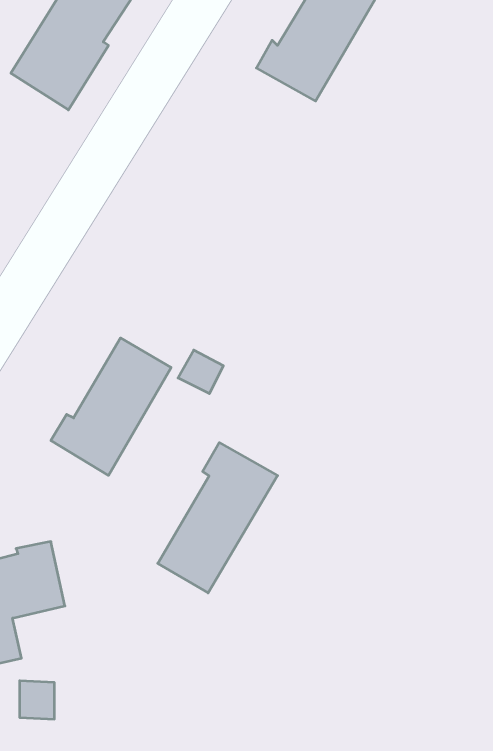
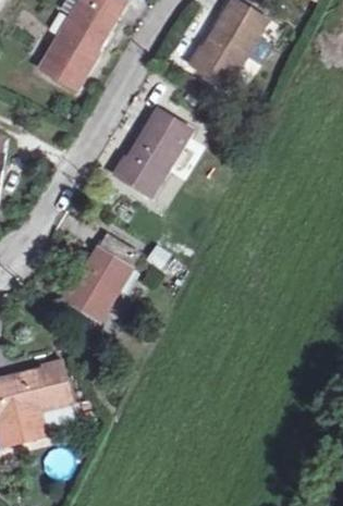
building: none -> [113,108,191,195]
building: [158,443,278,593] -> none

